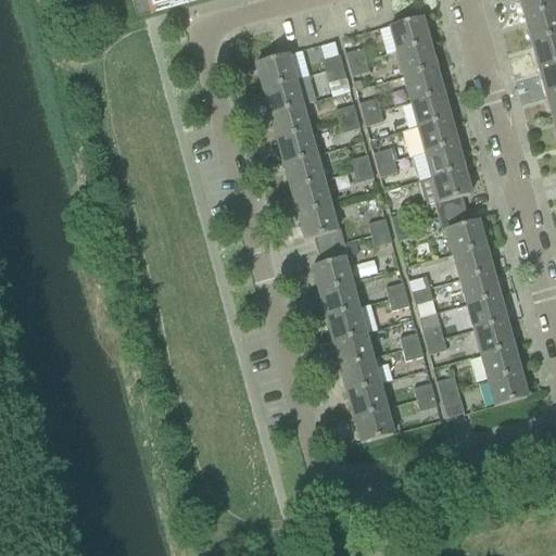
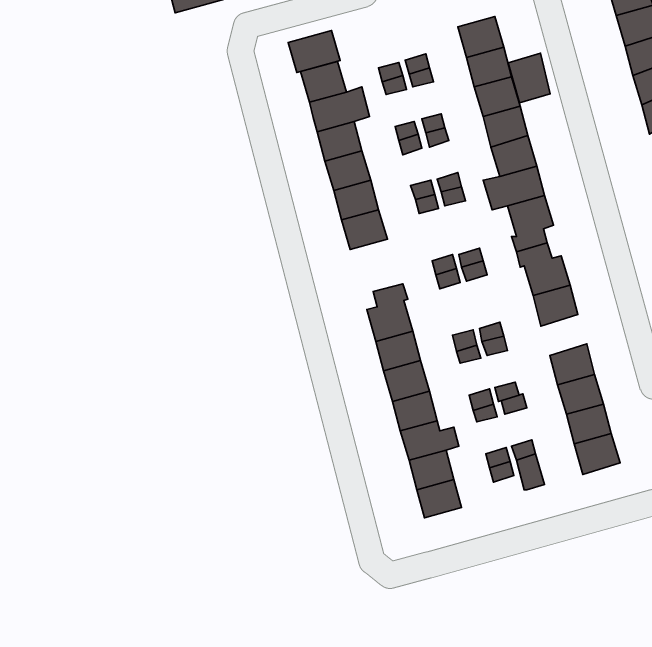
building: none -> [288,31,340,73]
building: none -> [508,53,550,103]
building: [299,203,343,248] -> none
building: [460,267,500,302] -> none

